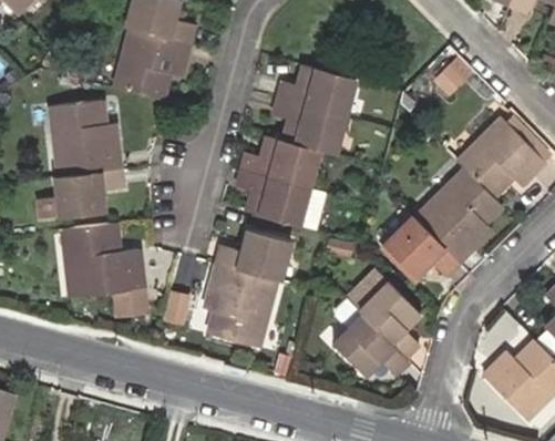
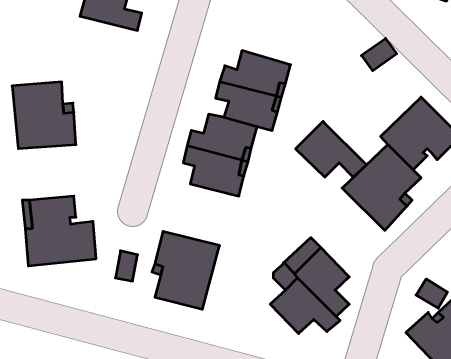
building: [115,29,189,102] -> none
building: [55,168,123,214] -> none
building: [382,215,460,276] -> [296,121,366,177]
building: [217,232,291,280] -> none

